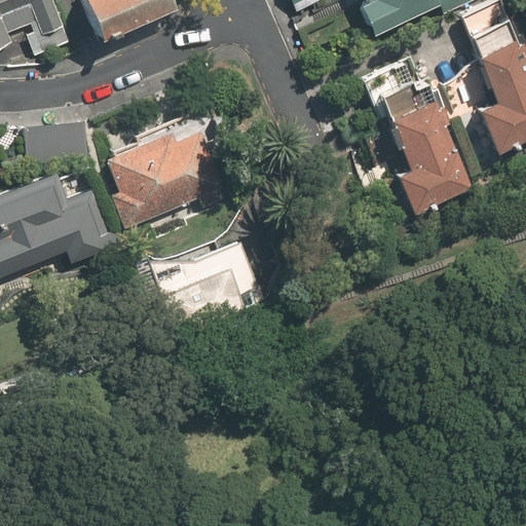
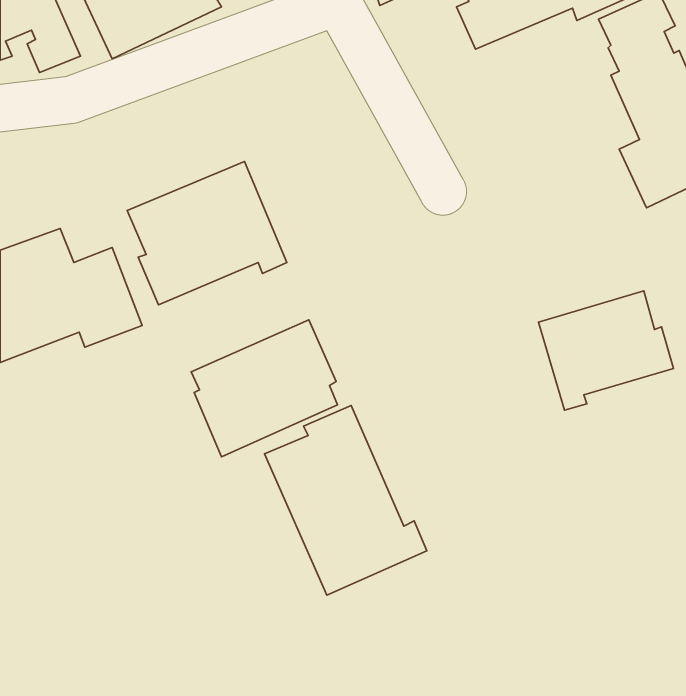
building: [364,60,473,215] -> none
building: none -> [539,291,673,410]
building: none -> [264,406,427,595]

